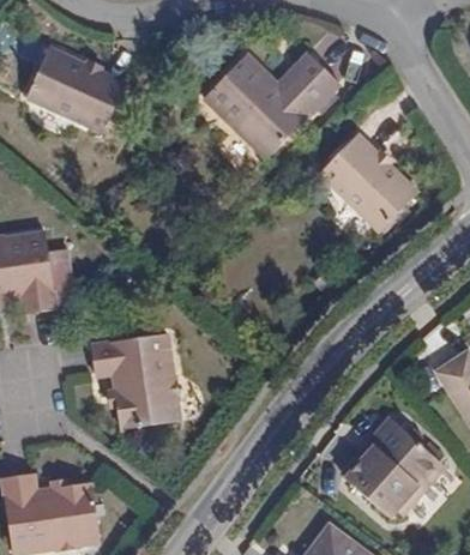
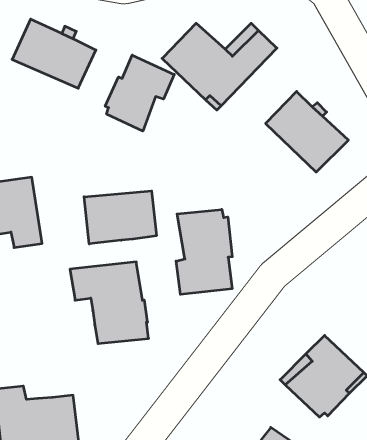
building: none -> [105,55,174,131]
building: none -> [84,191,156,244]
building: none -> [176,209,232,294]

